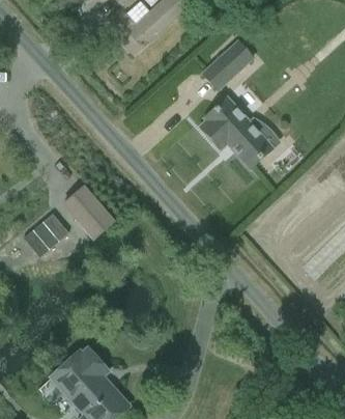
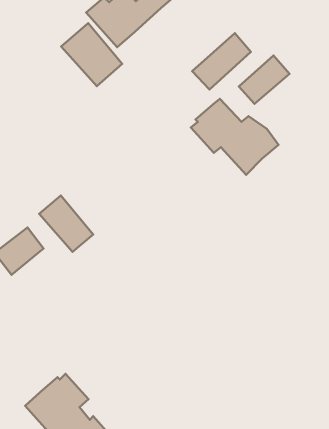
building: none -> [61,23,122,86]
building: none -> [239,55,289,104]

